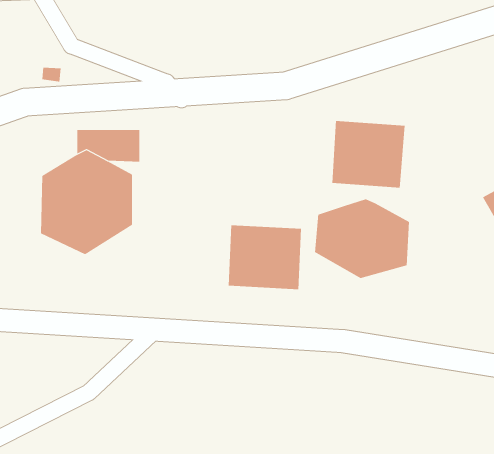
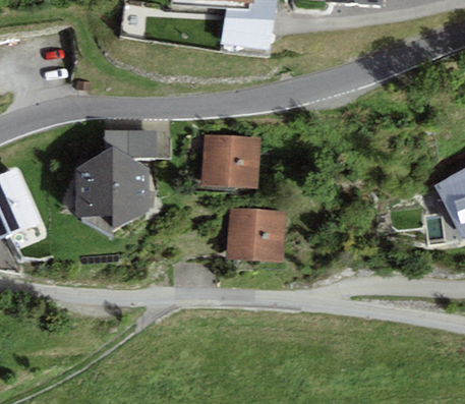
building: [332,121,405,188] -> [201,133,261,188]
building: [315,198,410,279] -> none

